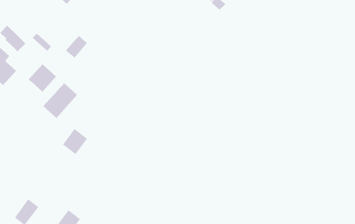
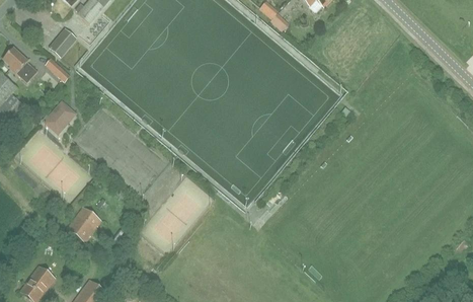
building: [65,35,88,59] -> [48,27,76,57]
building: [43,82,78,119] -> none
building: [62,128,88,155] -> [67,207,99,240]

